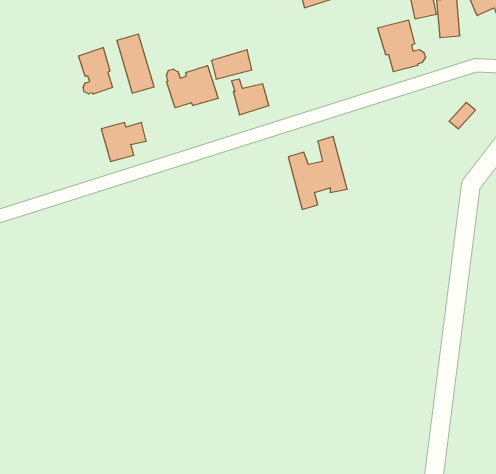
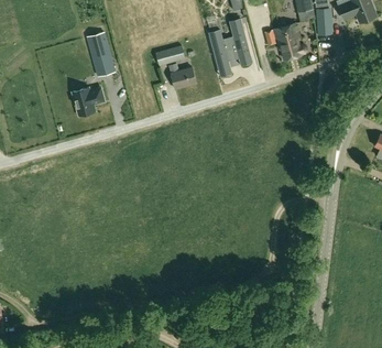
building: [79,47,113,94] -> none
building: [167,66,218,108] -> none
building: [288,137,347,209] -> [208,19,250,70]

